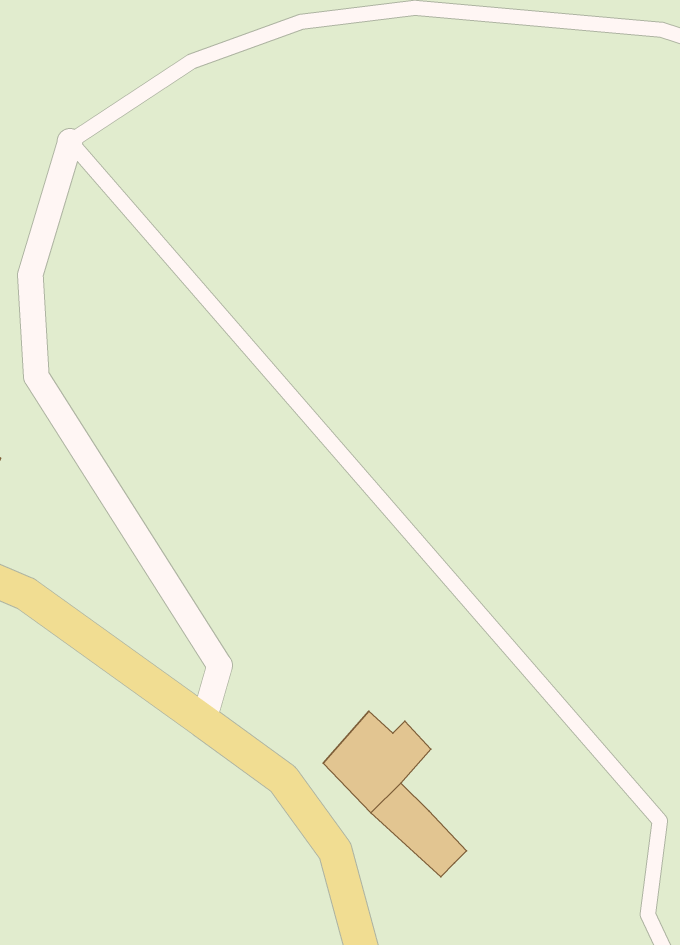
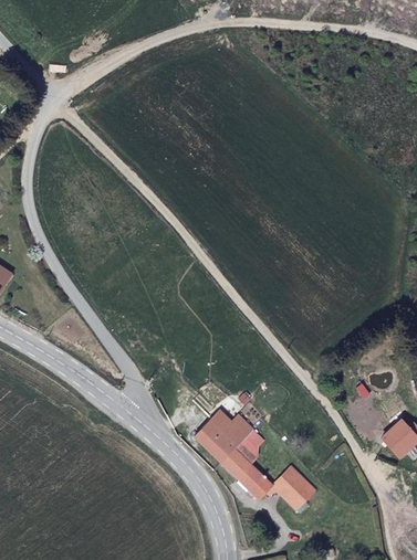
building: none -> [237,429,264,463]
building: none -> [267,464,316,510]

